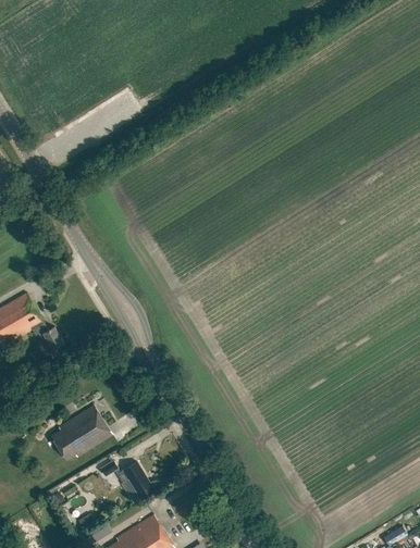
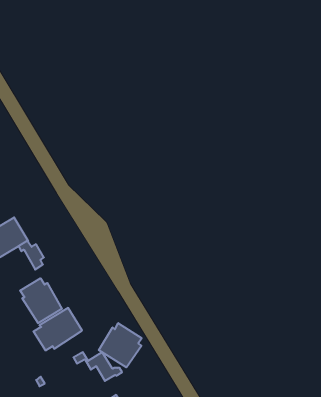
building: none -> [20,278,62,323]
building: none -> [99,323,142,367]

